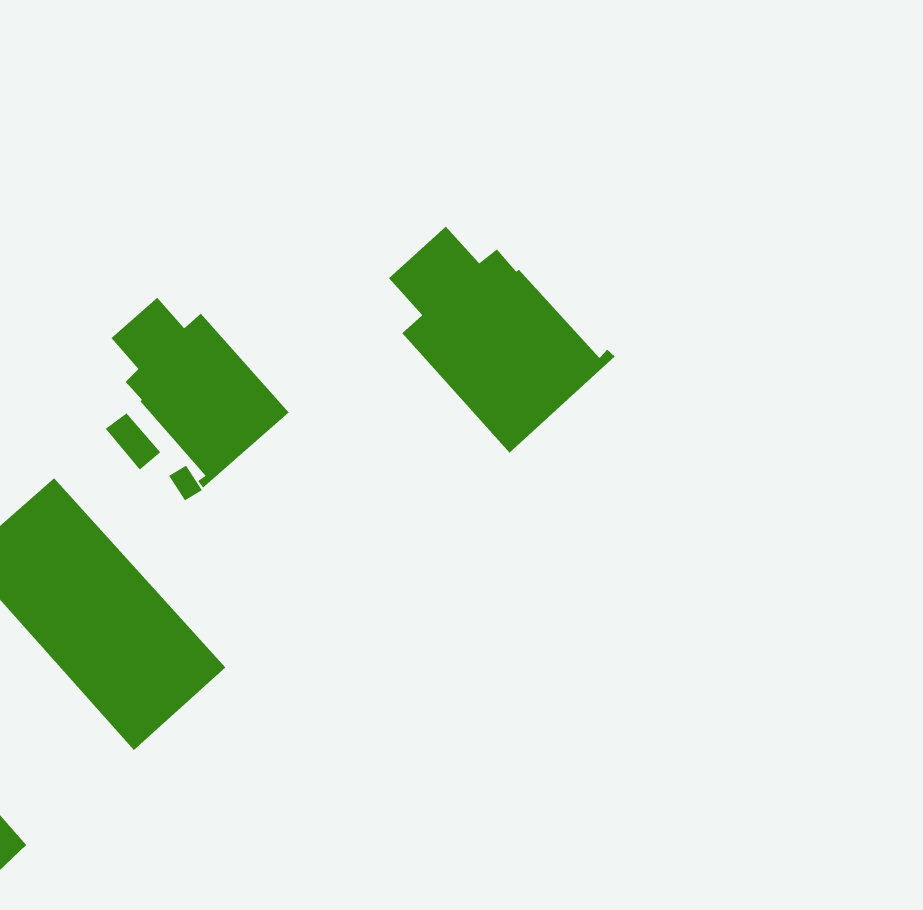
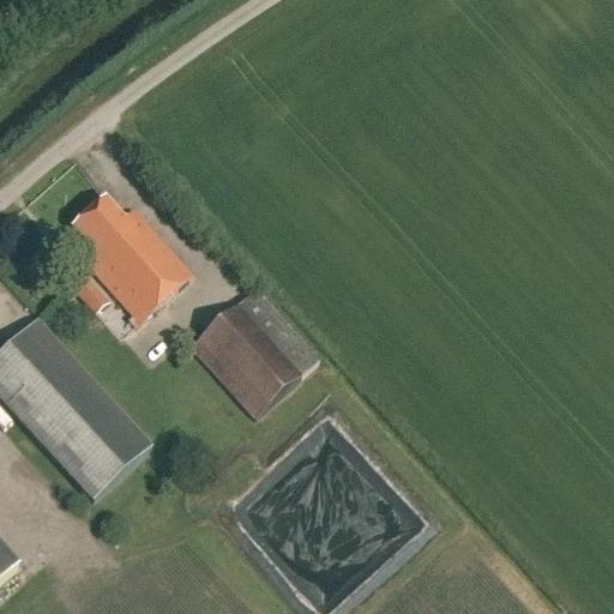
building: [388,226,615,453] -> none
building: none -> [187,284,319,416]

